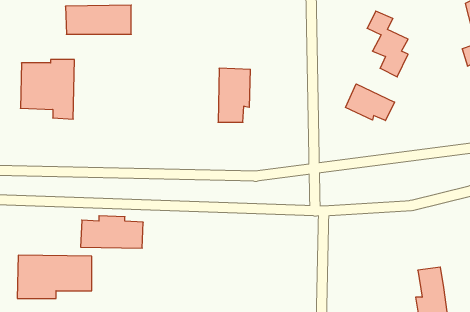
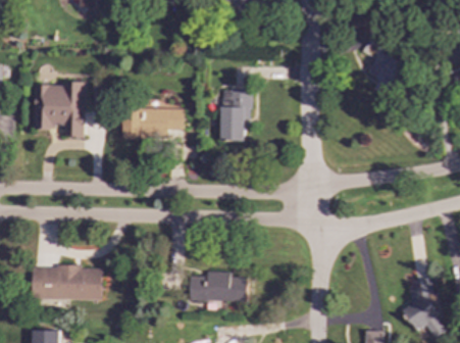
building: [65,5,131,34] -> [121,107,184,135]
building: [345,84,395,121] -> none
building: [81,216,143,248] -> [189,271,248,301]

